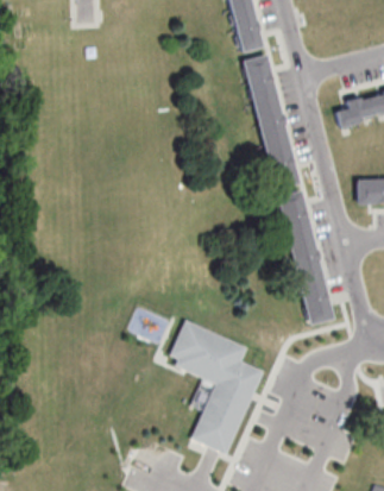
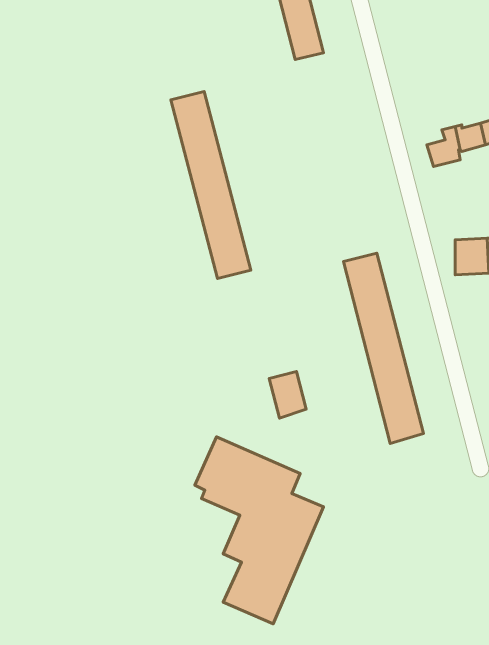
building: [243,56,300,189] -> [171,92,251,279]
building: none -> [269,372,306,418]

